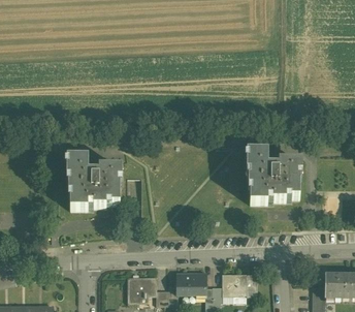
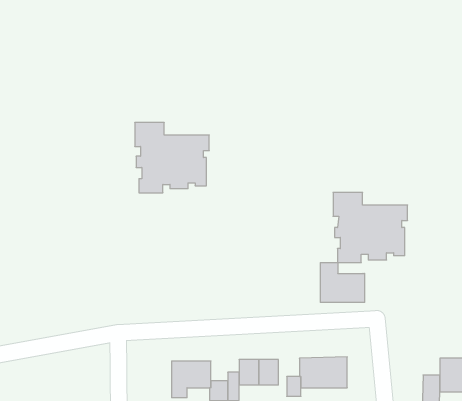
building: [67,158,122,210] -> [135,123,209,193]
building: none -> [320,263,365,302]

